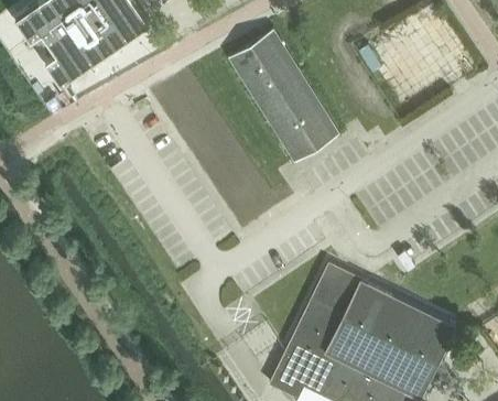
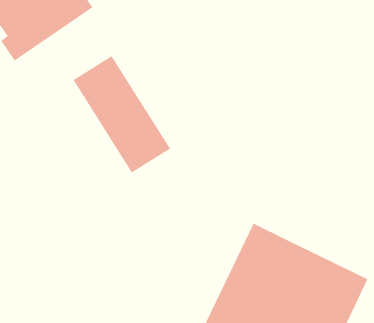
building: [228,31,338,163] -> [72,55,171,174]

